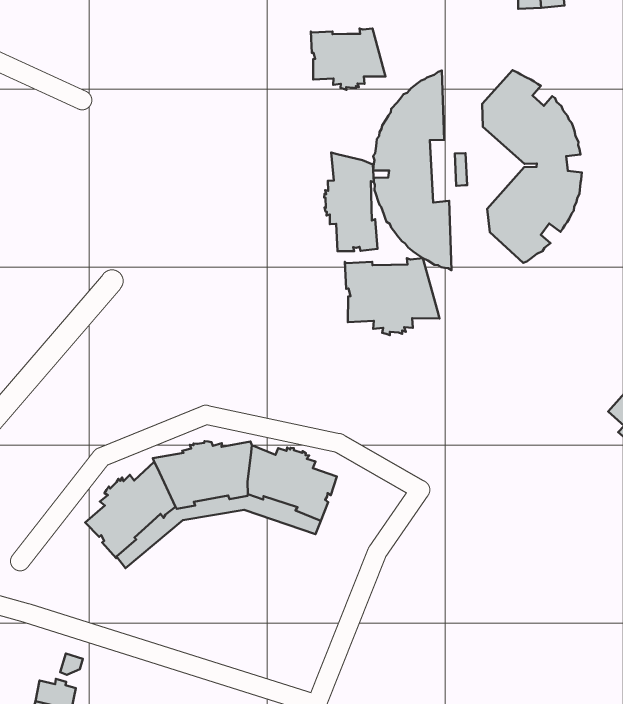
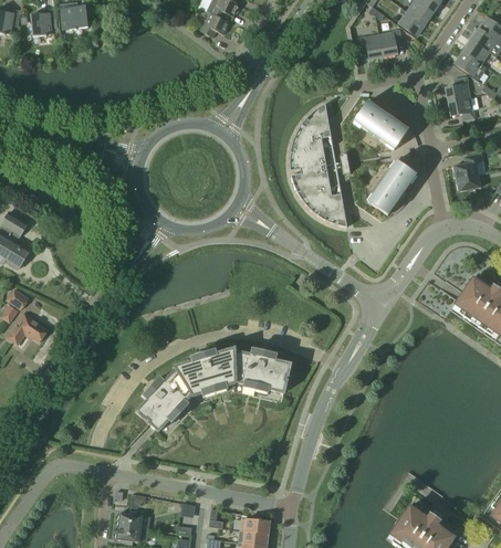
building: [311,29,385,90] -> none
building: [324,153,378,251] -> none
building: [345,258,439,335] -> none

